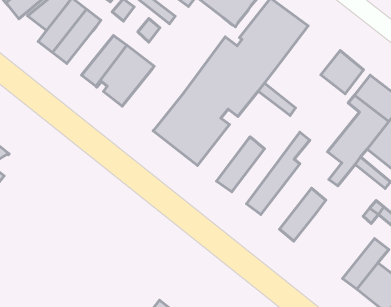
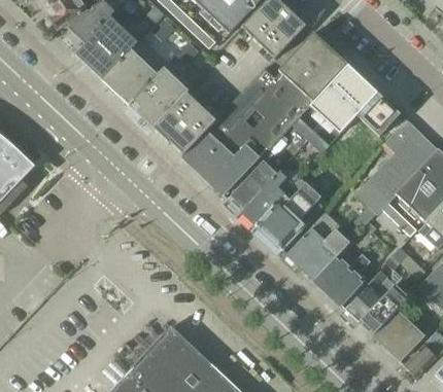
building: none -> [102,43,151,94]
building: none -> [310,66,378,135]
building: none -> [154,94,216,155]
building: none -> [228,162,277,213]
building: none -> [255,170,330,239]
building: none -> [286,213,339,268]
building: none -> [313,254,370,307]
building: none -> [345,273,395,323]

